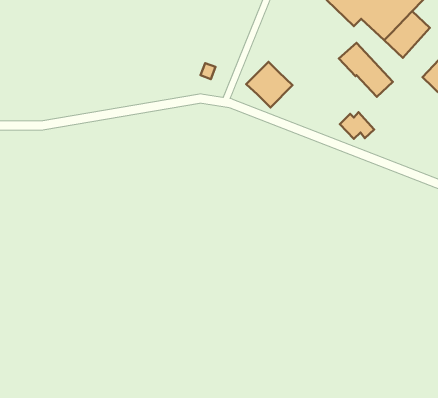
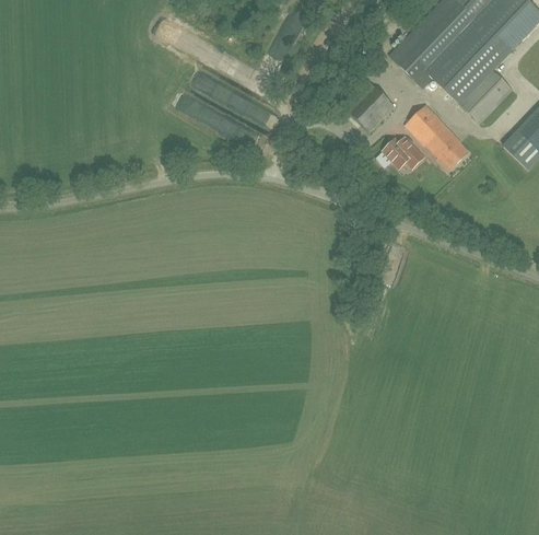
building: [246,62,293,107] -> [340,78,395,131]
building: [340,112,374,139] -> [383,136,423,167]

